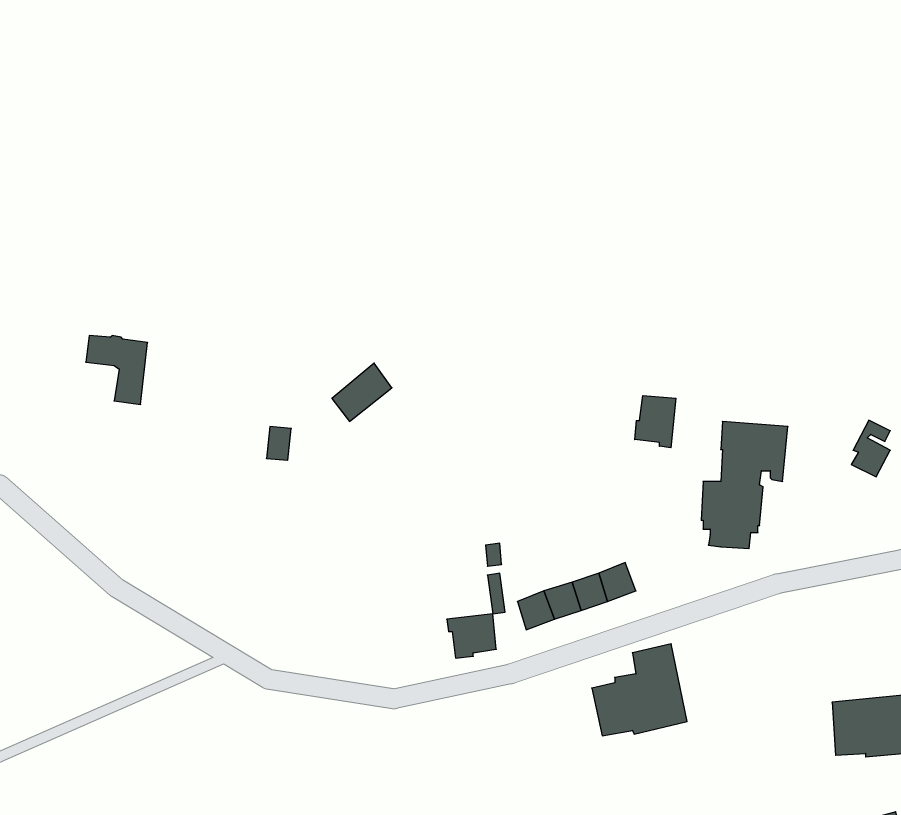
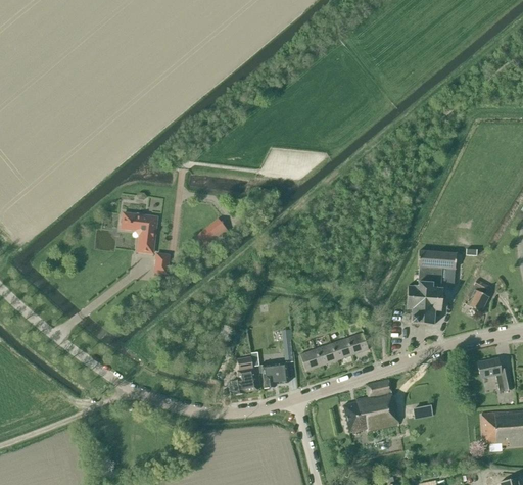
building: [86,336,148,404] -> [122,212,157,252]
building: [635,396,676,448] -> none
building: [851,420,890,477] -> [467,279,489,311]
building: none -> [229,356,257,394]
building: none -> [478,357,512,391]

